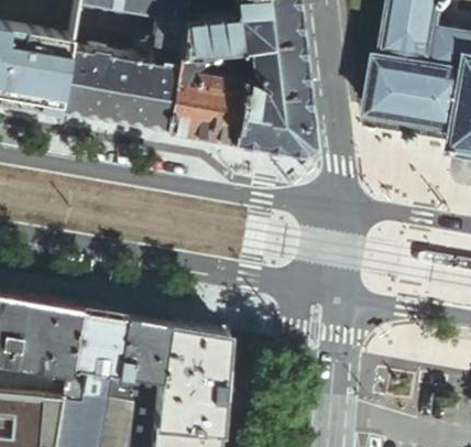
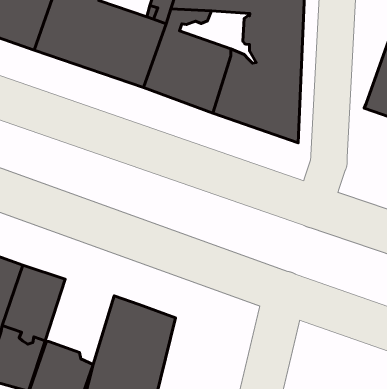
building: [113,316,166,389] -> none

